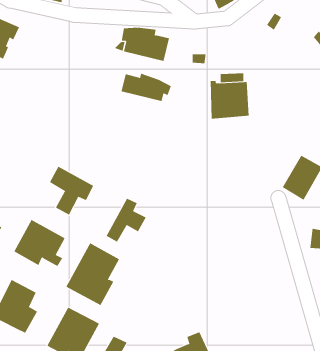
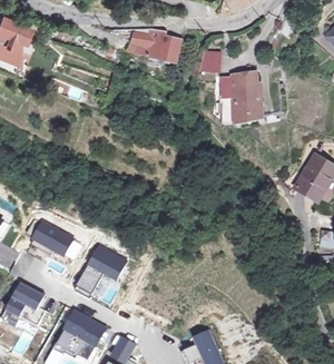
building: [121,73,171,102] -> none
building: [49,166,94,216] -> none
building: [106,198,146,242] -> none

